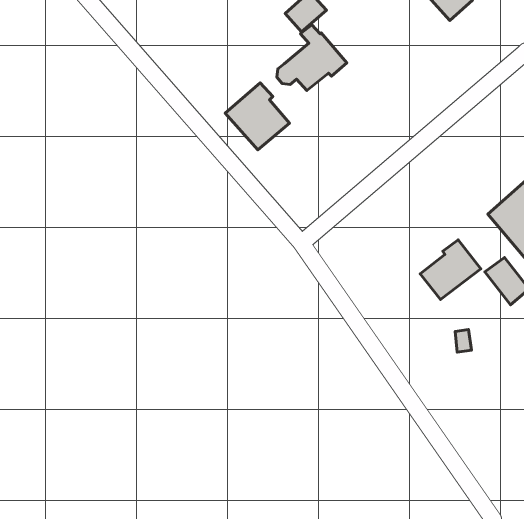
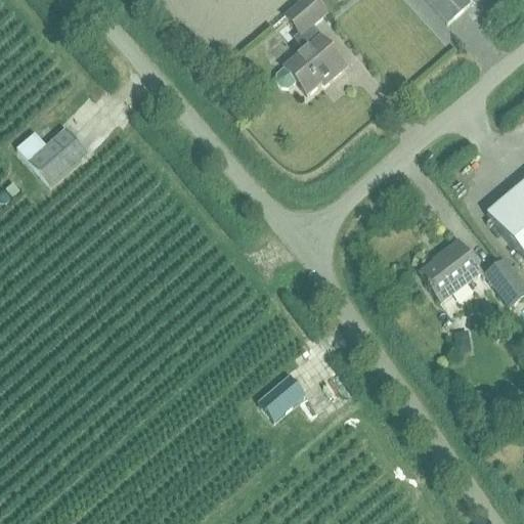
building: [225,83,289,150] -> none
building: none -> [18,128,89,185]
building: none -> [259,376,306,421]

